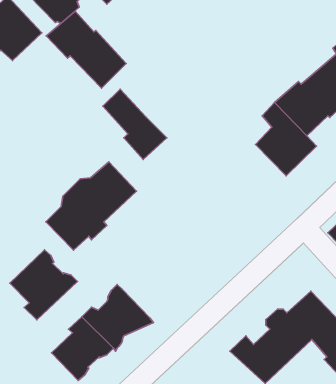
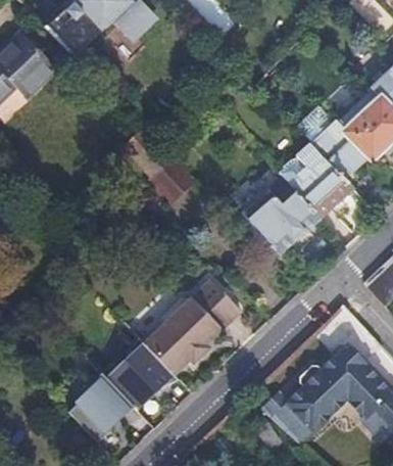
building: [46,11,126,88] -> none
building: none -> [246,181,322,257]
building: [46,162,136,250] -> [146,278,243,373]
building: [10,250,77,320] -> none

